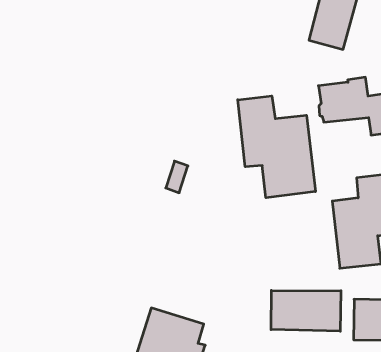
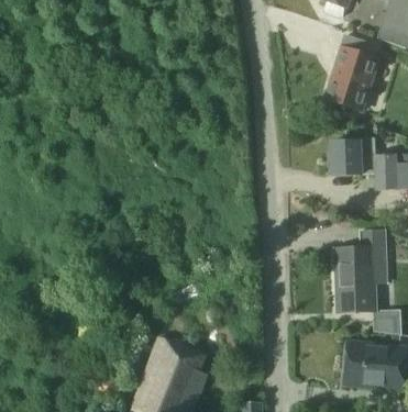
building: [238,96,315,198] -> none
building: [271,290,341,331] -> none

